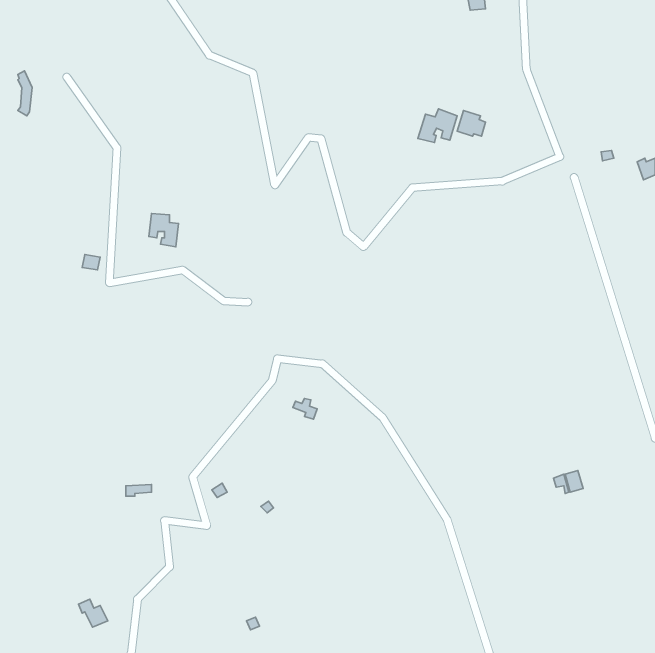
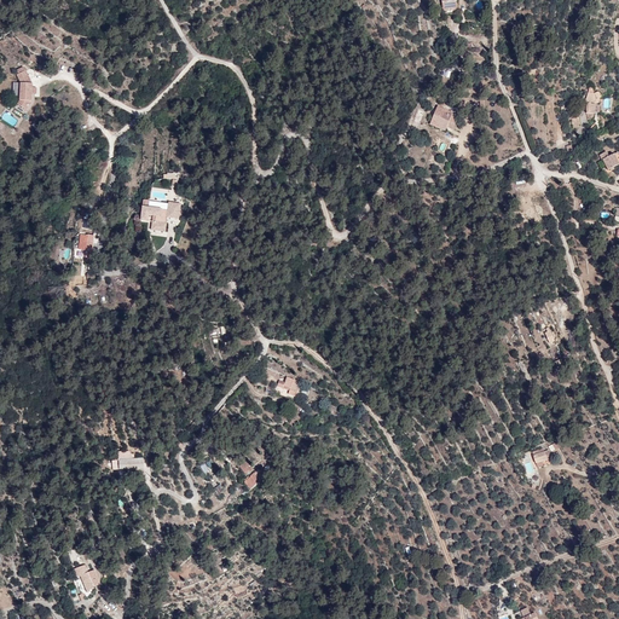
building: [418,109,457,143] -> none

